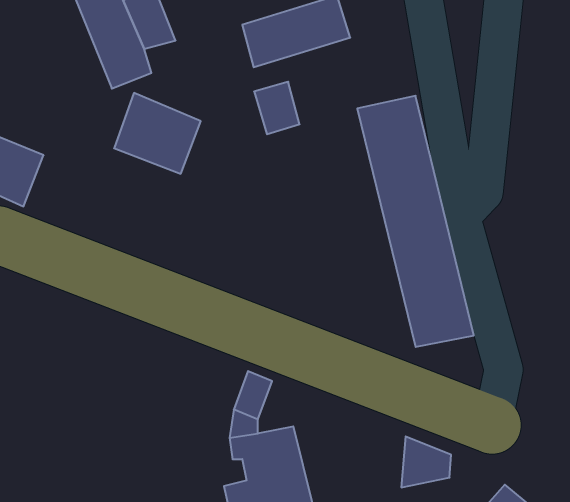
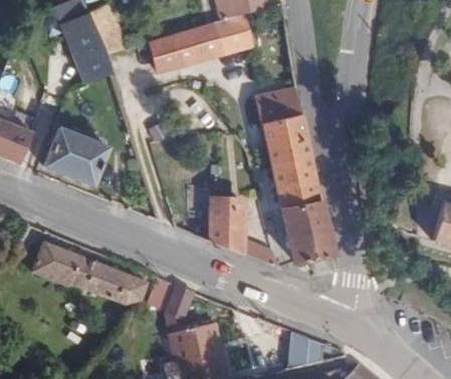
building: [254,82,300,134] -> [150,37,182,74]
building: [114,93,201,174] -> [48,130,109,187]
building: none -> [209,198,277,265]
building: none -> [30,240,148,307]

